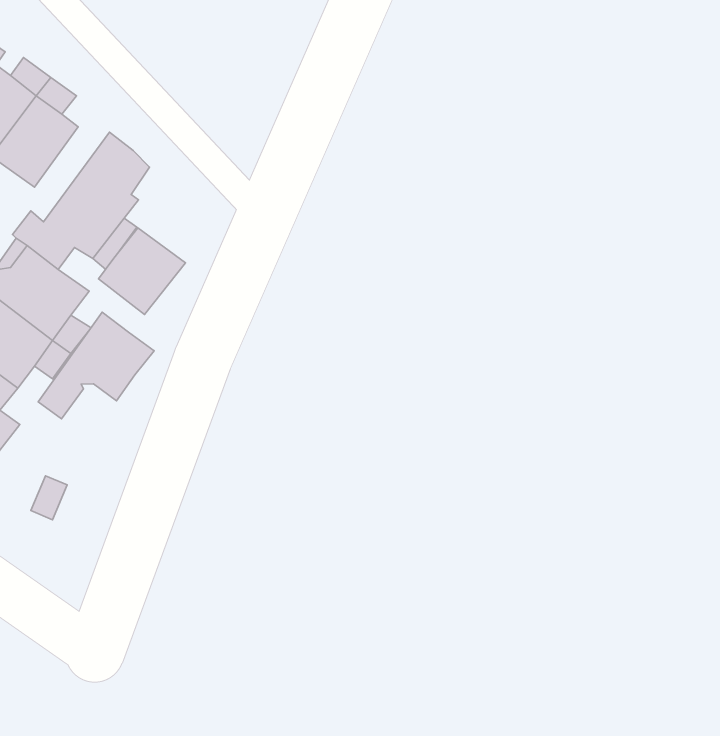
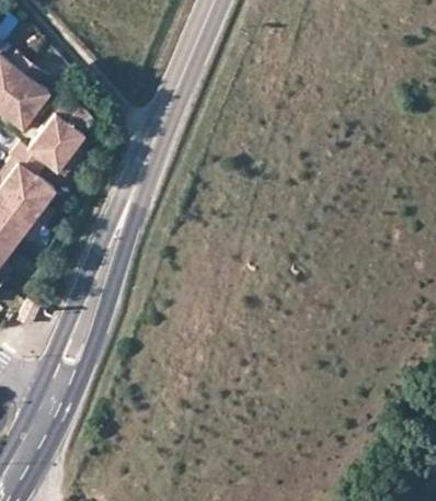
building: [99,228,186,315] -> none
building: [38,312,154,419] -> none

